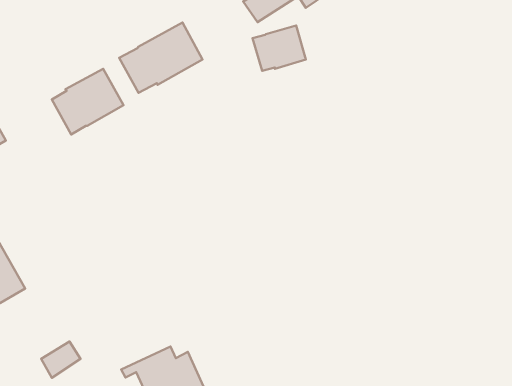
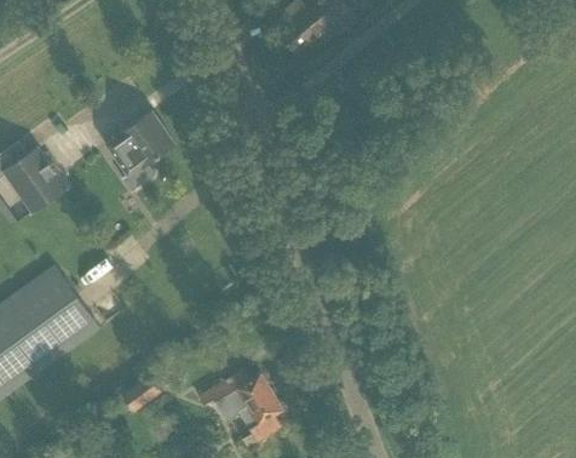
building: [119,23,202,93] -> none
building: [253,25,306,71] -> none

